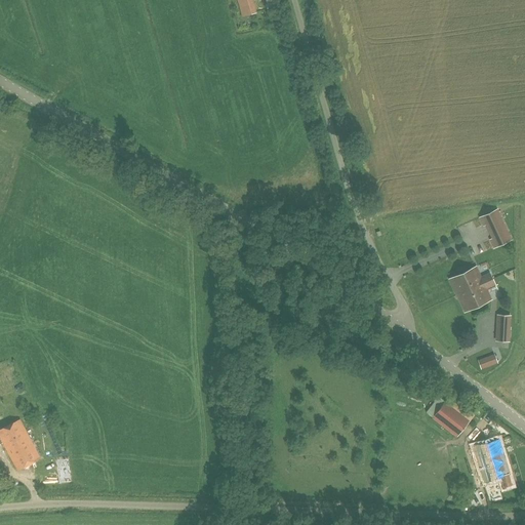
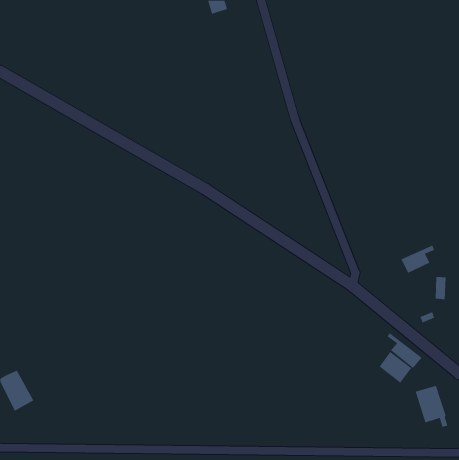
building: [479,210,510,247] -> none
building: [449,268,493,295] -> none
building: none -> [387,332,423,369]

